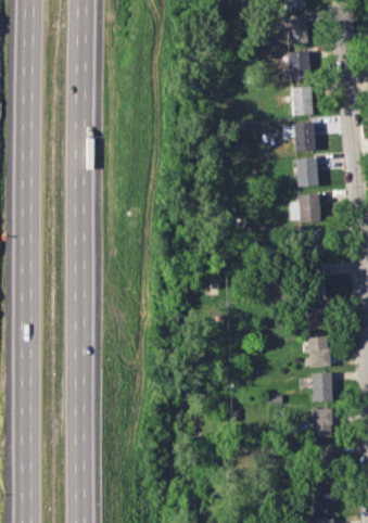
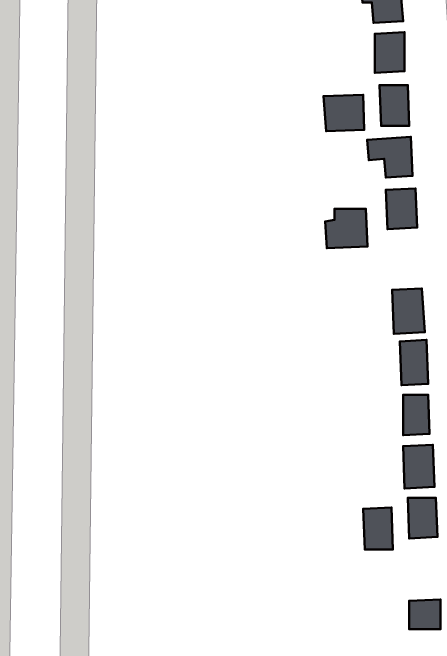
building: none -> [324,95,364,131]
building: [291,194,320,221] -> [325,209,367,248]
building: [313,408,333,437] -> [363,507,393,550]

